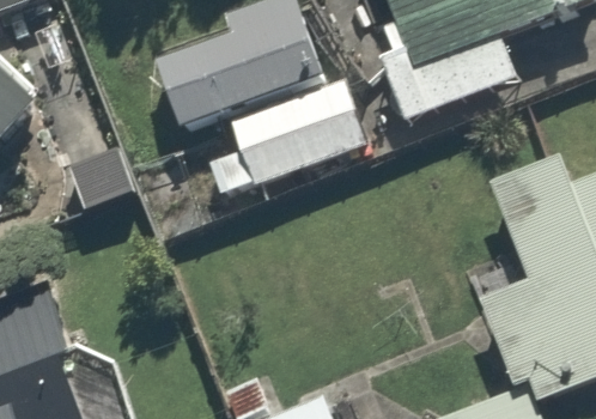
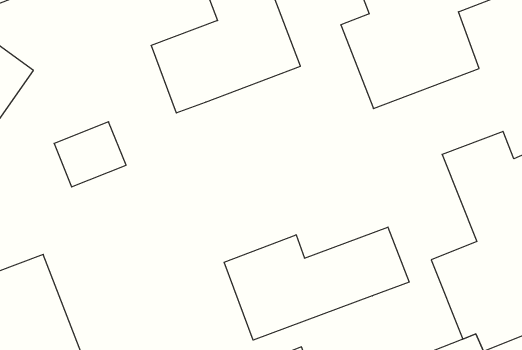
building: [206,79,377,209] -> none
building: none -> [224,227,409,340]

